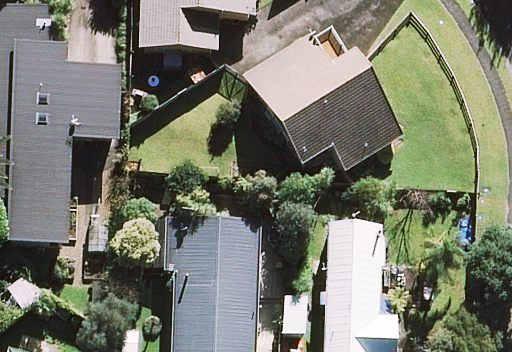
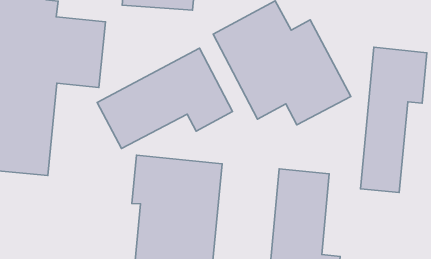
building: none -> [360,47,427,192]
building: none -> [97,48,233,149]

